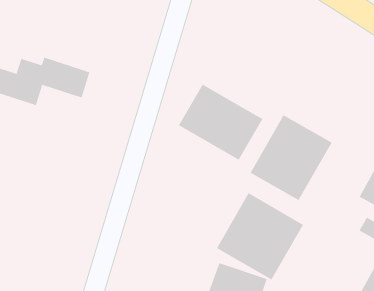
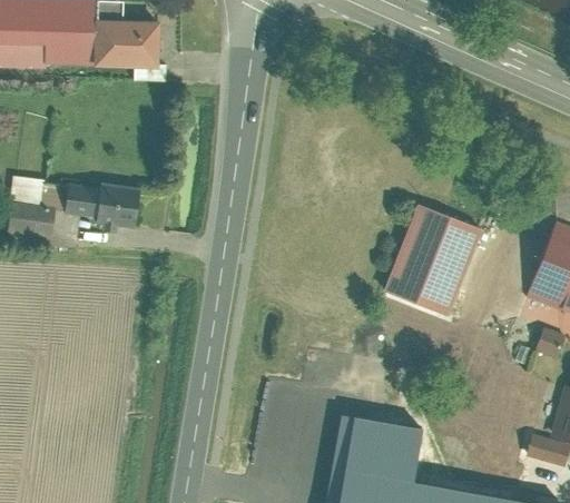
building: [178,84,263,160] -> none
building: [216,192,304,281] -> none

